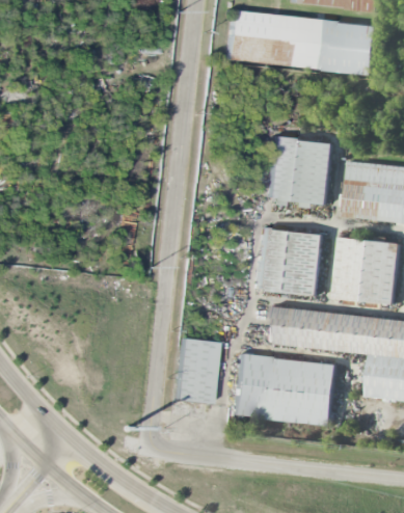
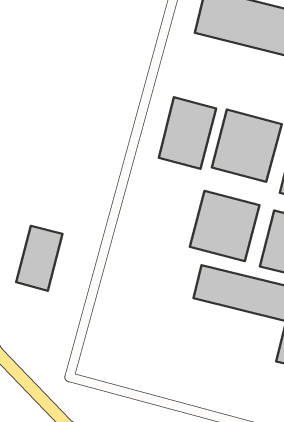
building: none -> [159,97,216,169]
building: [173,339,215,405] -> [16,226,63,291]
building: [233,354,335,426] -> none

